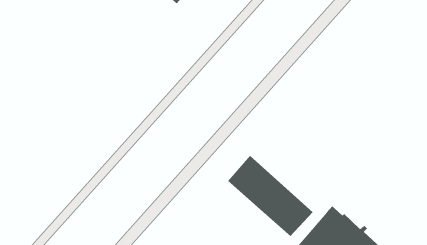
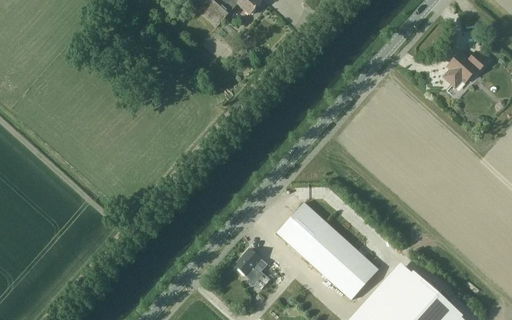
building: none -> [445,50,487,85]
building: none -> [234,248,270,288]

